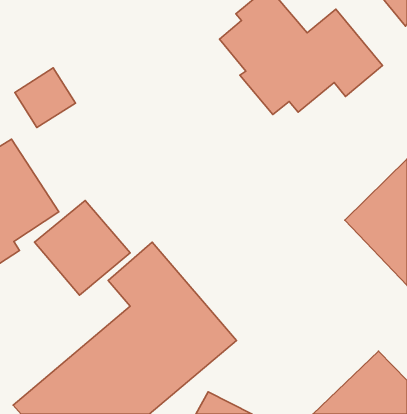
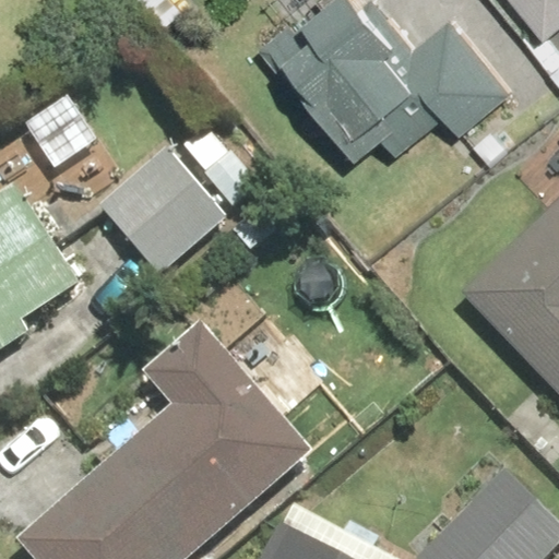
building: [34,200,130,295] -> [97,150,225,276]

